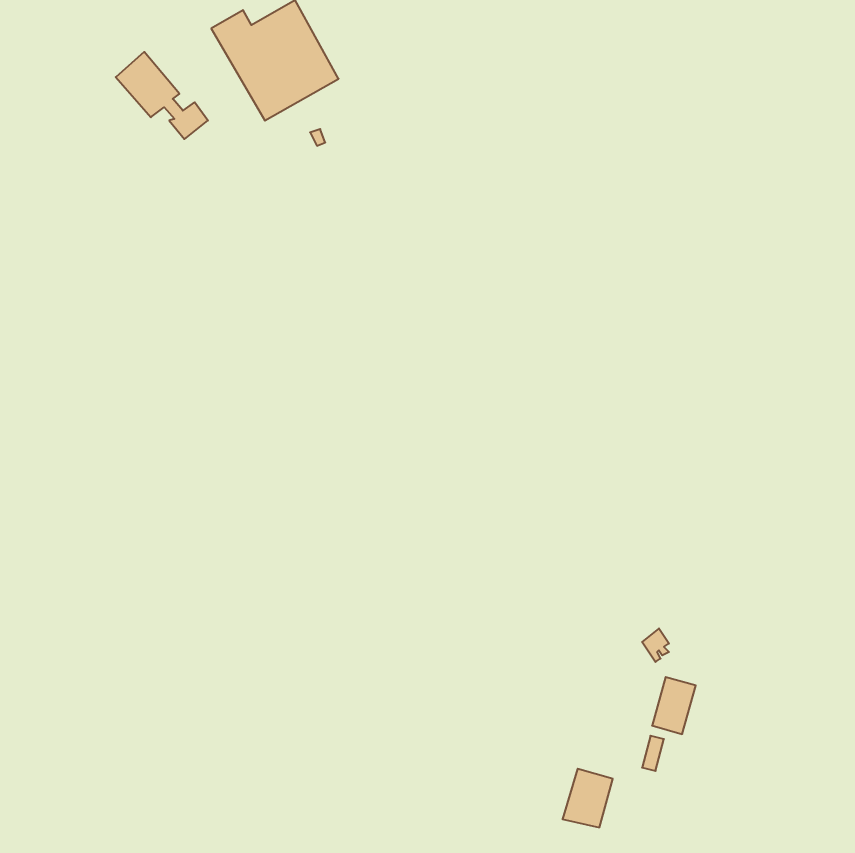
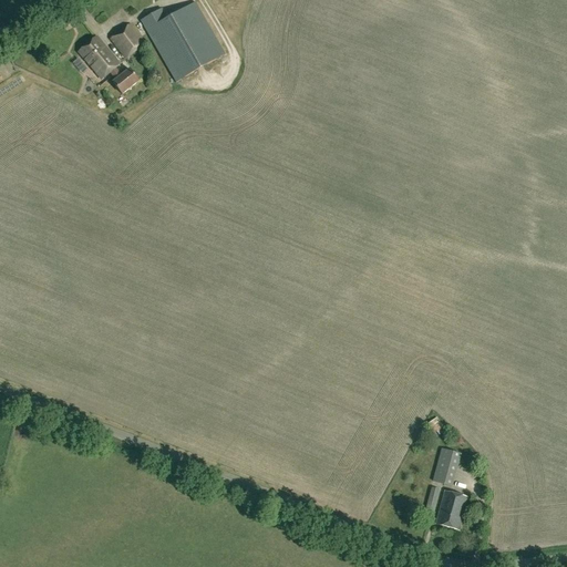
building: none -> [110,22,143,55]
building: [562,769,613,827] -> [434,489,467,528]

